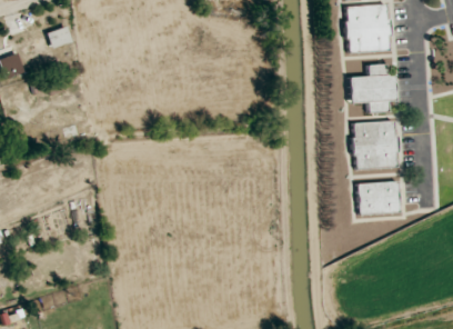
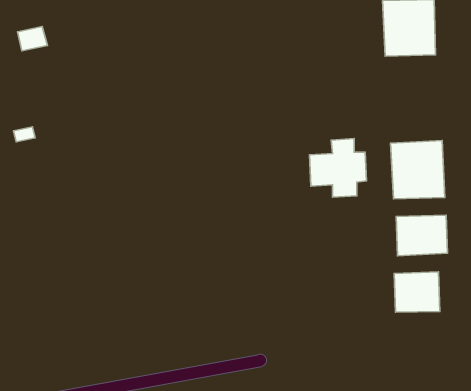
building: [350,63,396,111] -> [310,139,366,197]
building: none -> [394,272,440,312]

